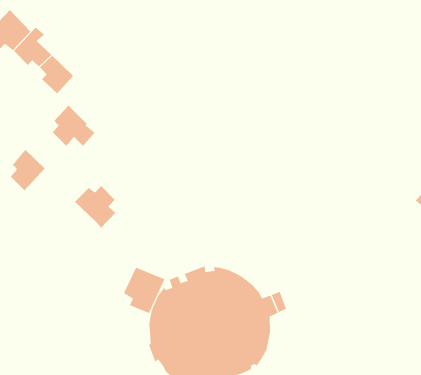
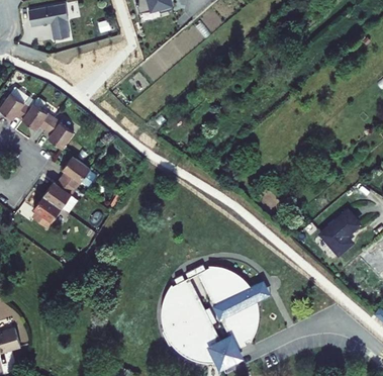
building: [74,185,116,229] -> [43,178,78,212]
building: none -> [323,207,360,250]
building: [123,267,165,314] -> none

